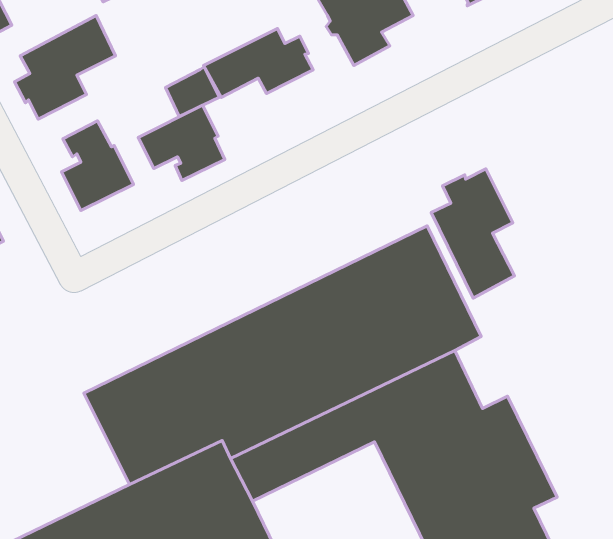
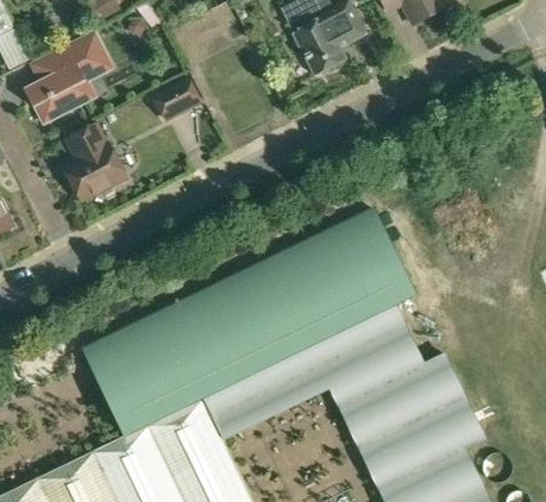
building: [204,29,313,97] -> none
building: [138,105,225,181] -> none
building: [431,169,515,298] -> none

